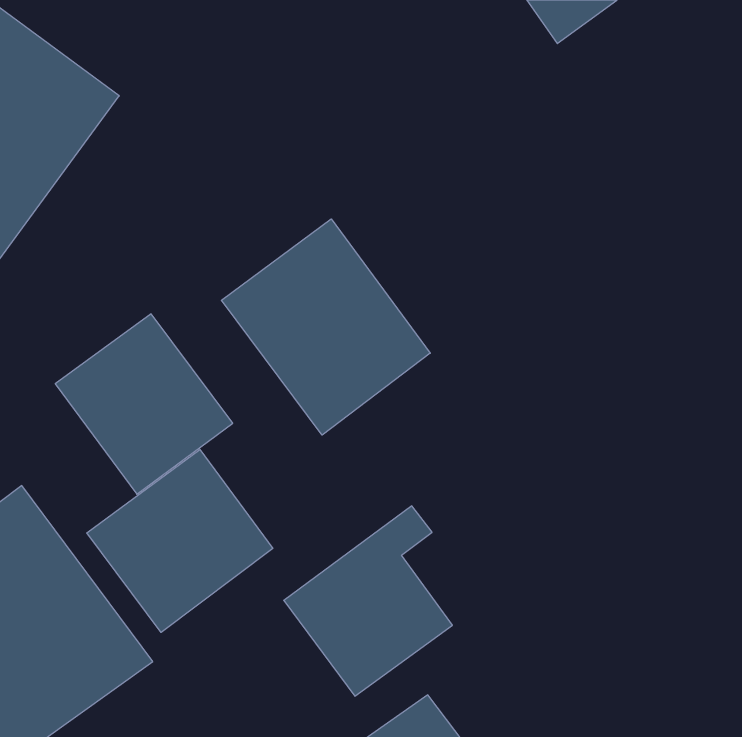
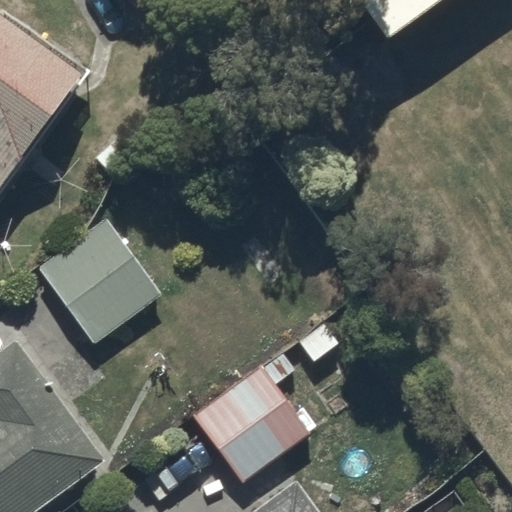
building: [221,219,430,435] -> none
building: [87,449,273,632] -> none

